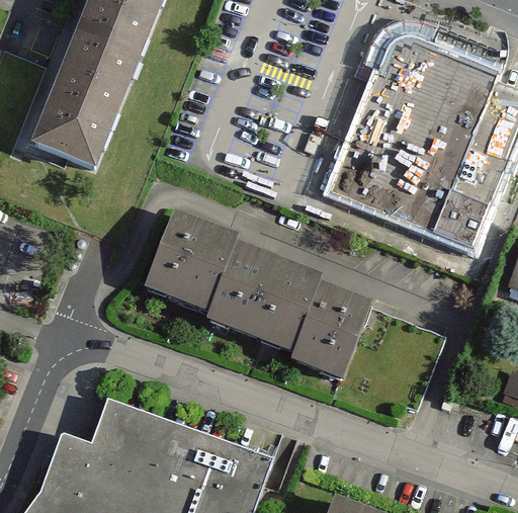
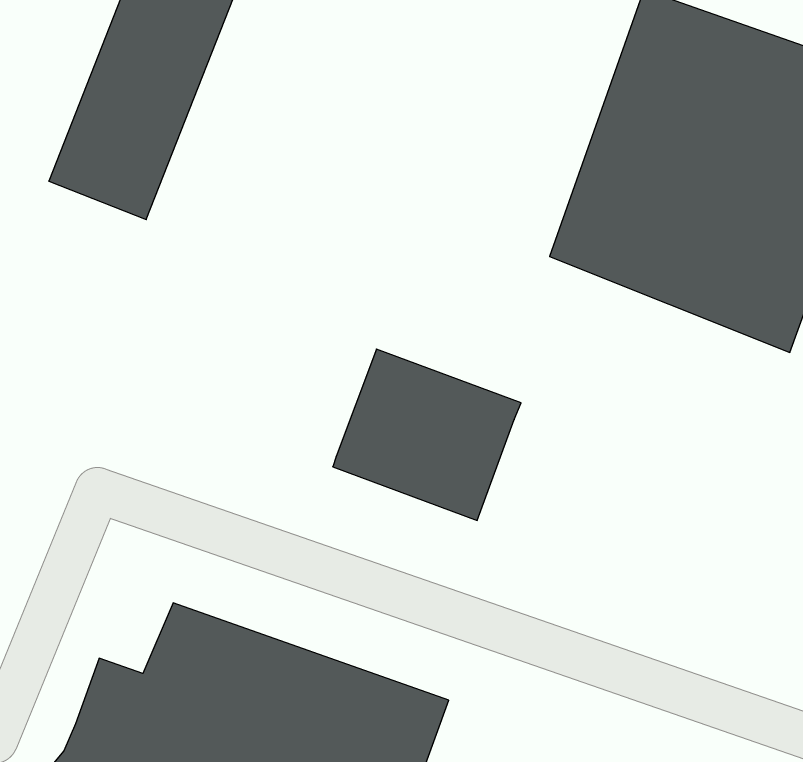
building: [142,210,234,311] -> none
building: [286,288,370,379] -> none

